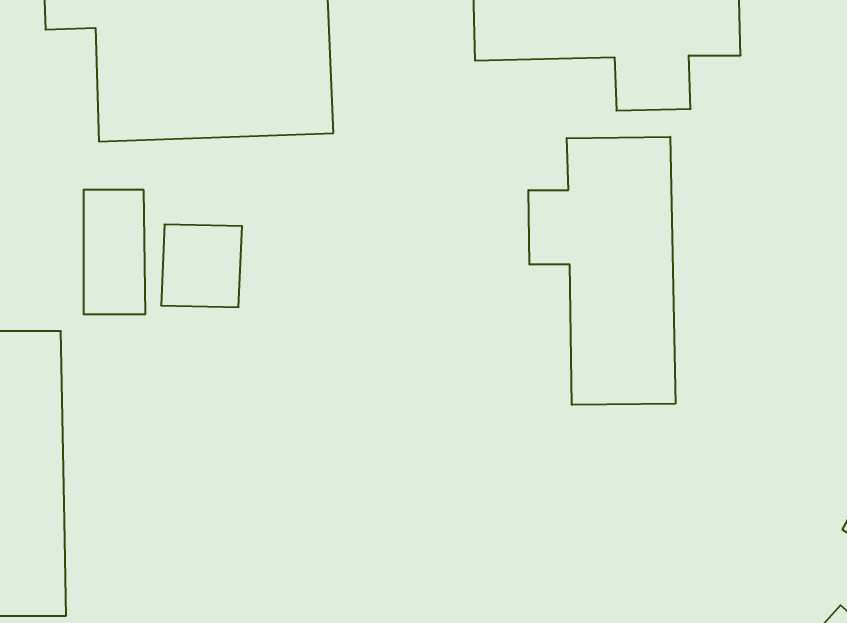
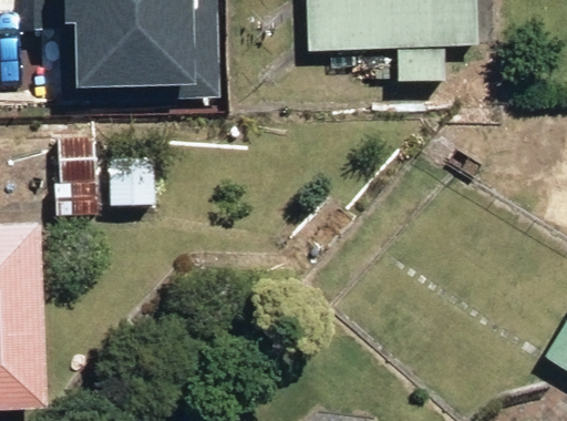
building: [528,137,675,405] -> none

